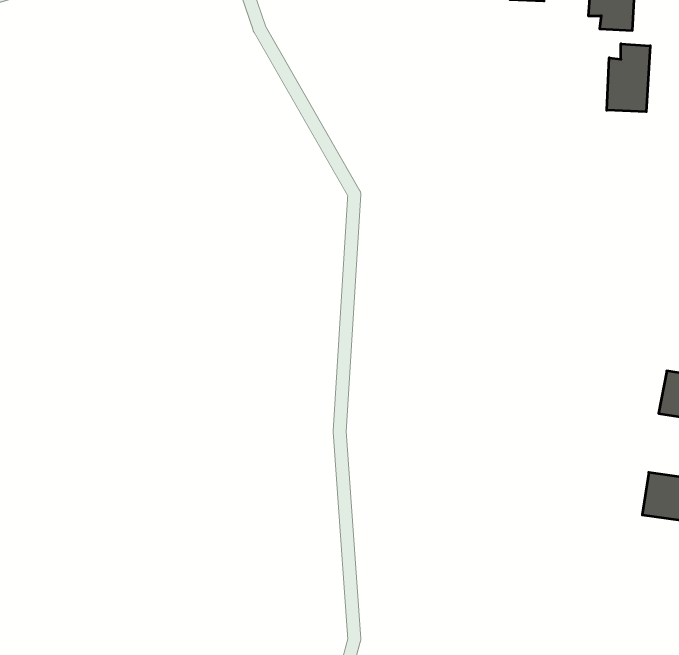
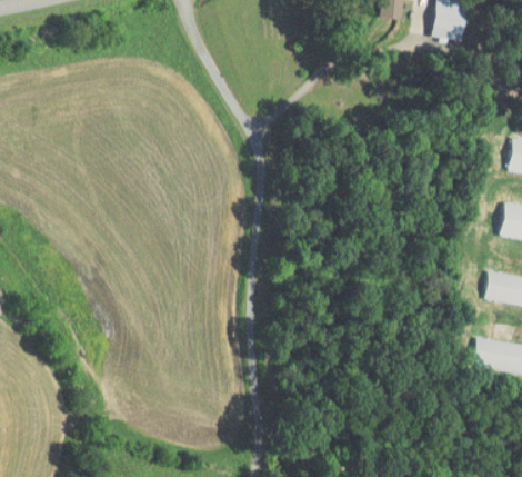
building: [607,44,650,112] -> none

